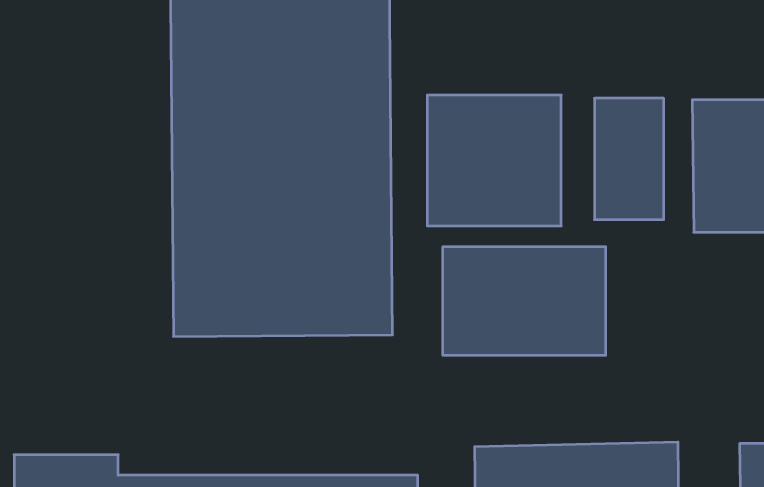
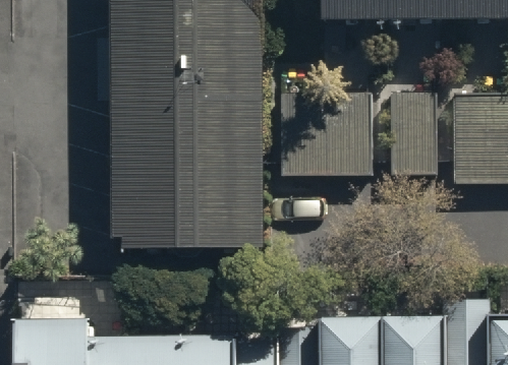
building: [443,247,606,355] -> none

